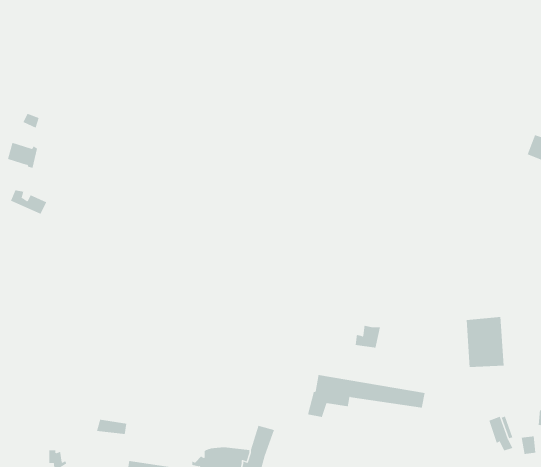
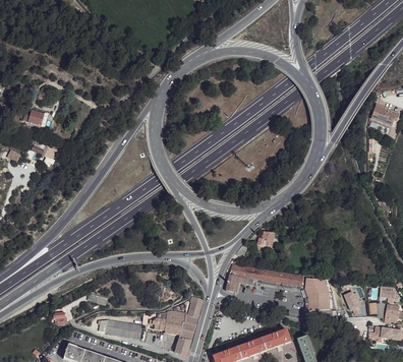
building: [466,317,504,367] -> [304,277,330,310]

